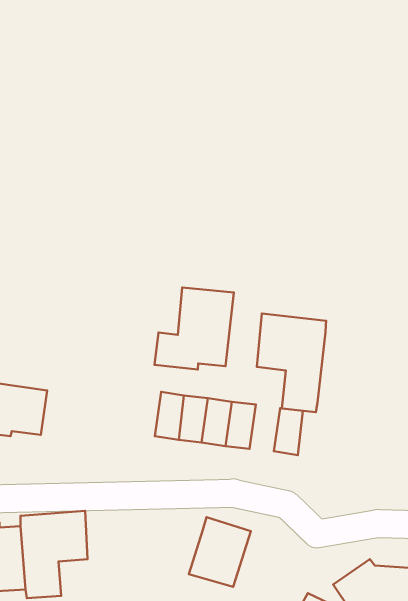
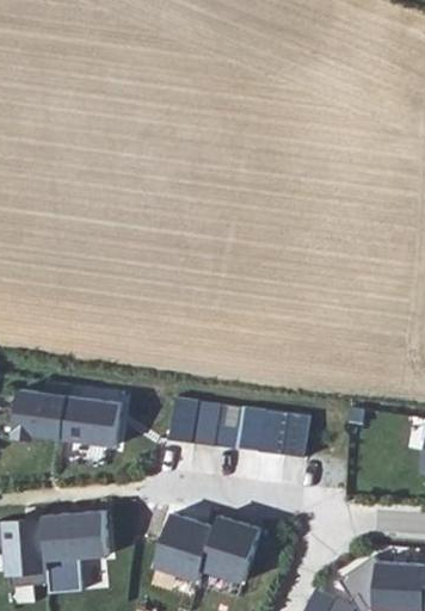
building: [154,288,234,369] -> none
building: [257,314,326,412] -> none
building: none -> [62,396,121,445]
building: none -> [154,513,215,580]

